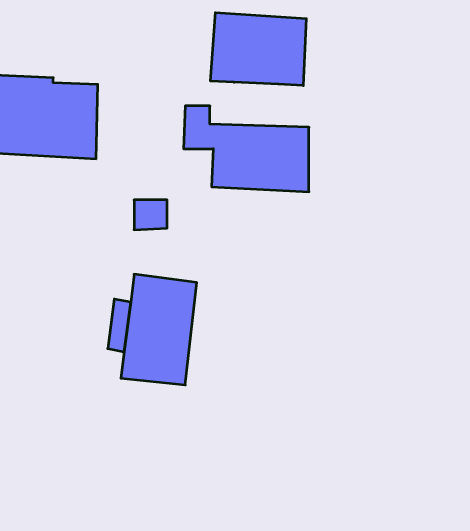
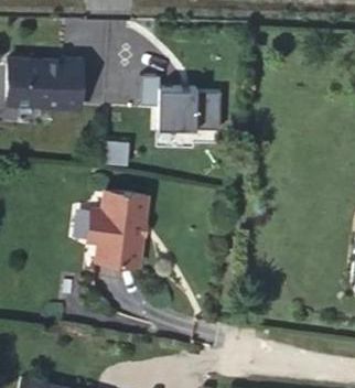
building: [211,13,306,86] -> none

